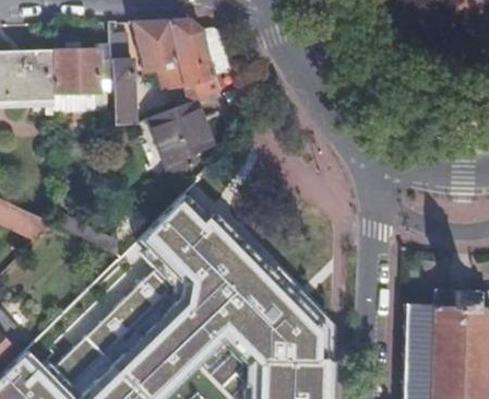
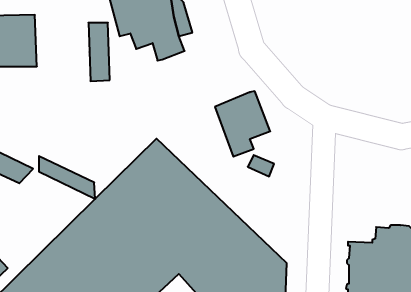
building: [53,49,115,110] -> none
building: [152,101,214,174] -> [215,91,270,157]

